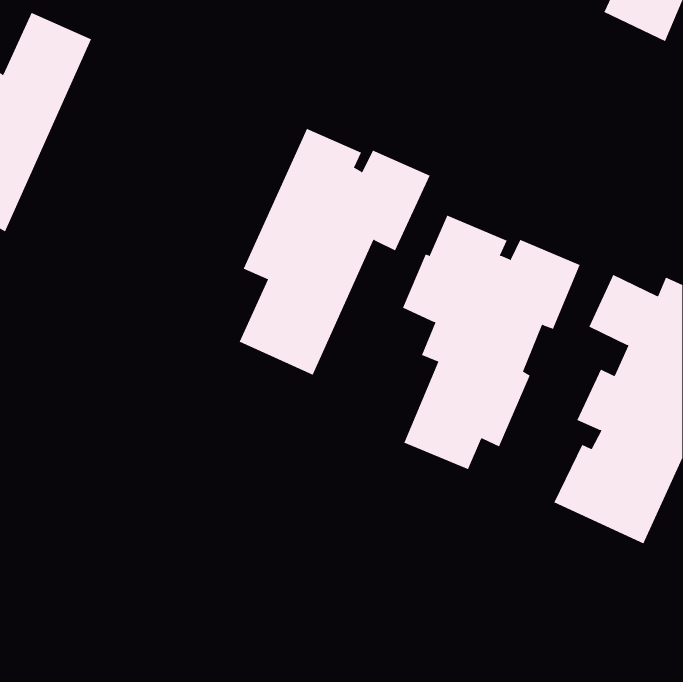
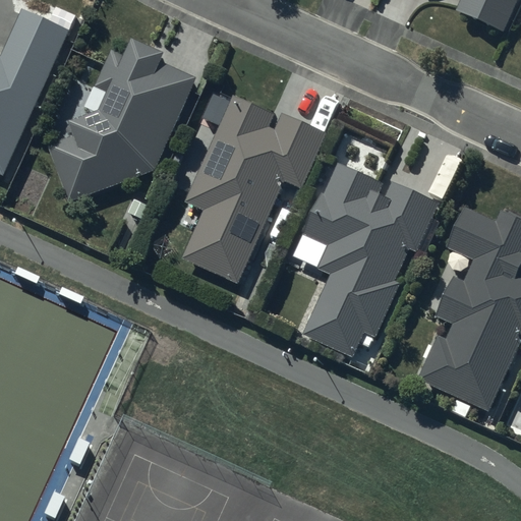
building: none -> [50,39,196,199]

